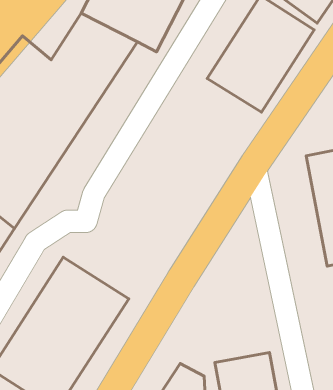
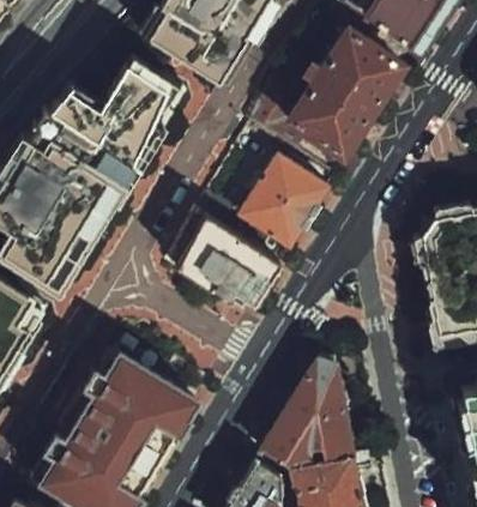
building: none -> [234,153,332,253]
building: none -> [163,218,279,308]
building: none -> [260,355,362,466]

